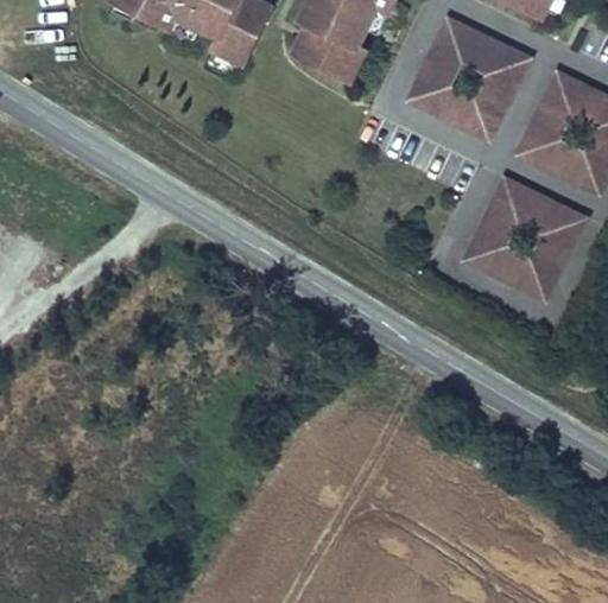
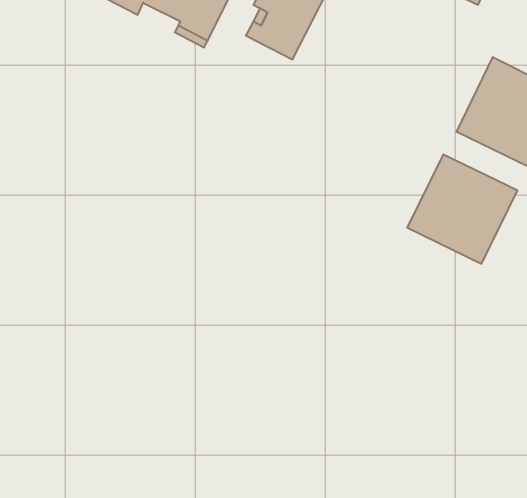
building: [407,18,527,138] -> none

